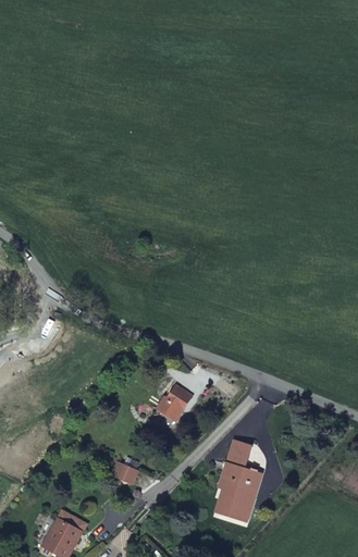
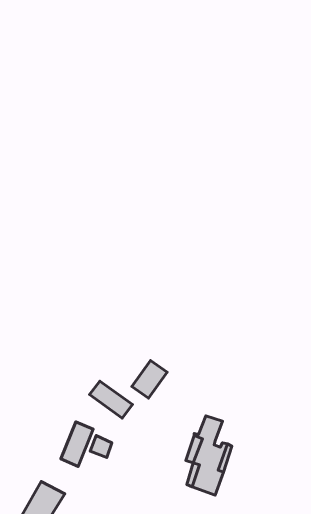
building: none -> [89,381,133,418]
building: none -> [61,422,93,466]

